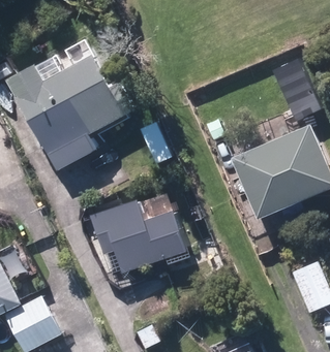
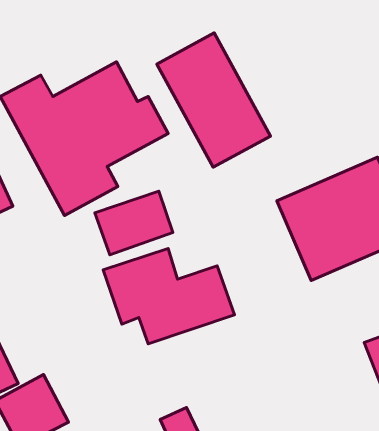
building: none -> [157,33,270,167]
building: none -> [95,191,173,255]

